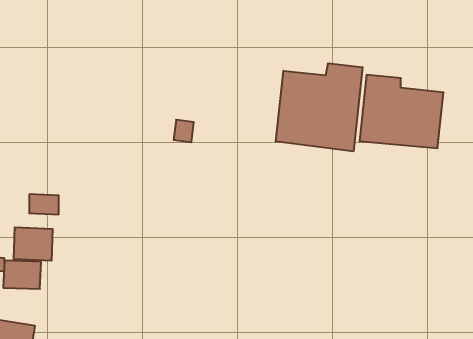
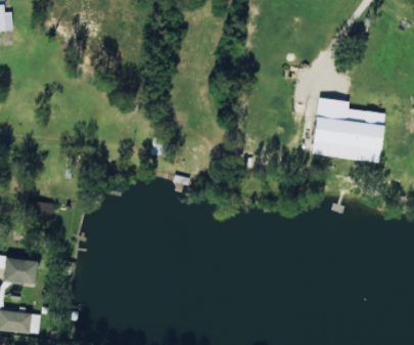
building: [276,63,362,151] -> none
building: [14,227,53,261] -> none

